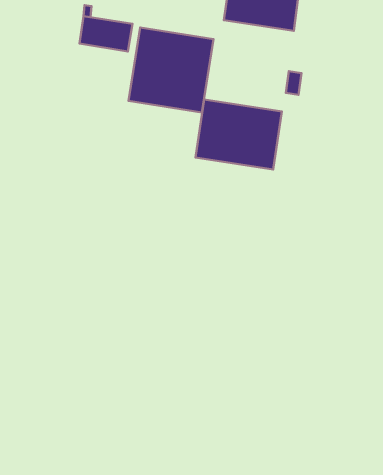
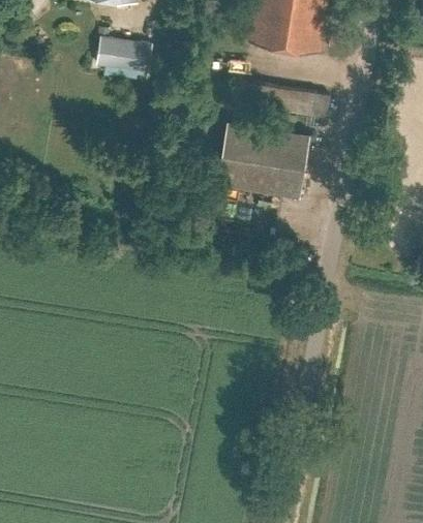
building: [128,27,214,113] -> none

